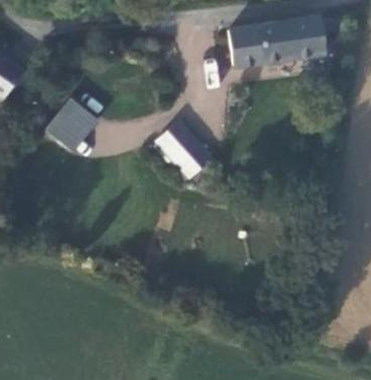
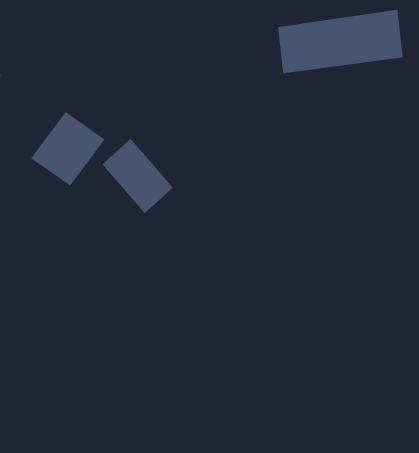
building: [156,121,211,178] -> [101,138,174,214]

